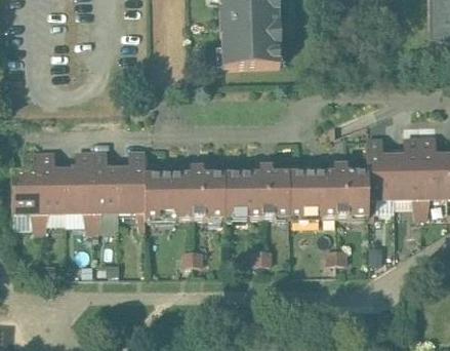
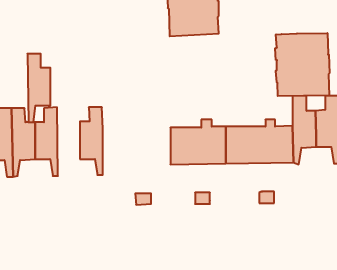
building: none -> [275,33,329,96]
building: [92,150,119,230] -> [27,54,50,122]
building: [146,165,224,218] -> none

